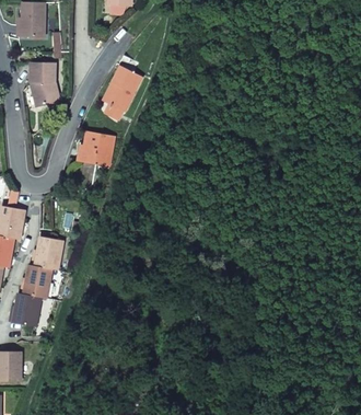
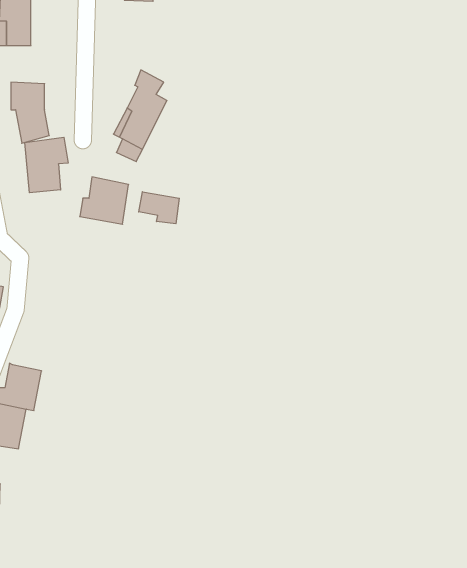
building: none -> [25,137,68,193]
building: none -> [139,192,179,224]
building: [31,235,63,269] -> none

